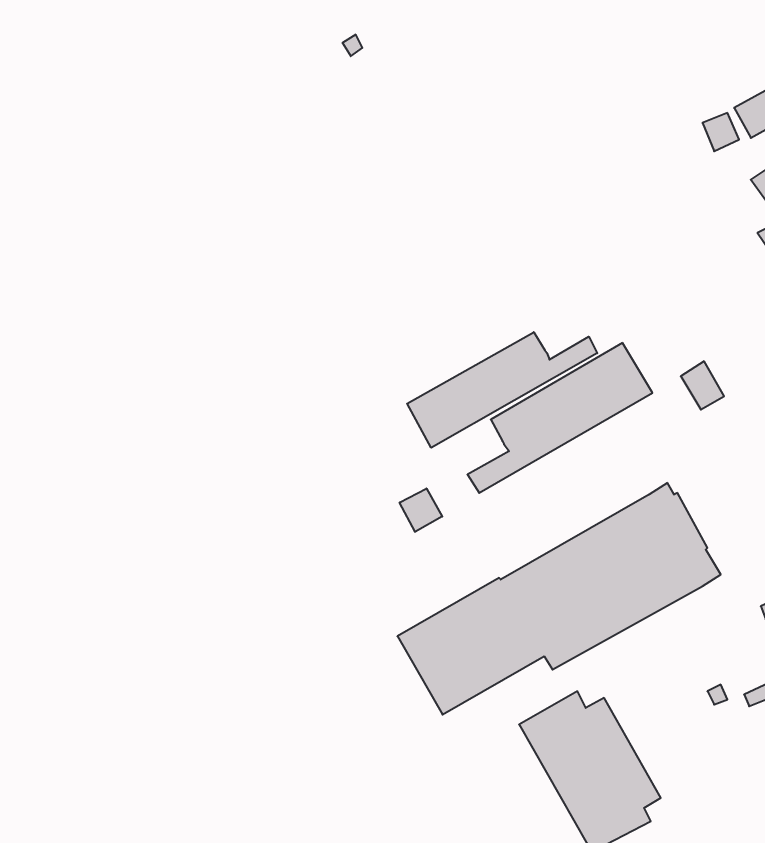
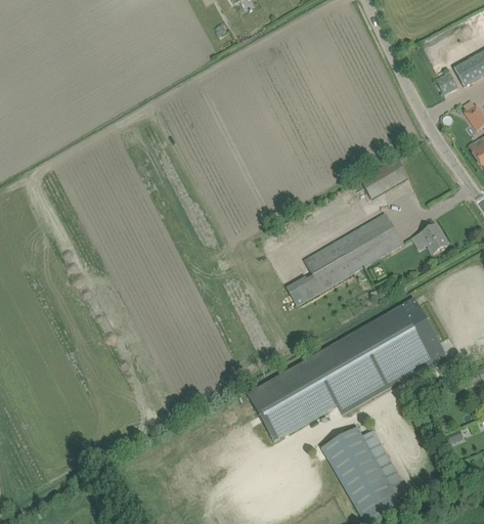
building: none -> [361,163,406,199]
building: [407,332,597,448] -> none
building: [400,488,442,532] -> none

